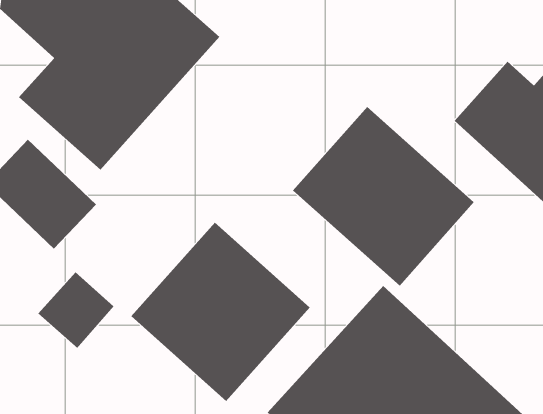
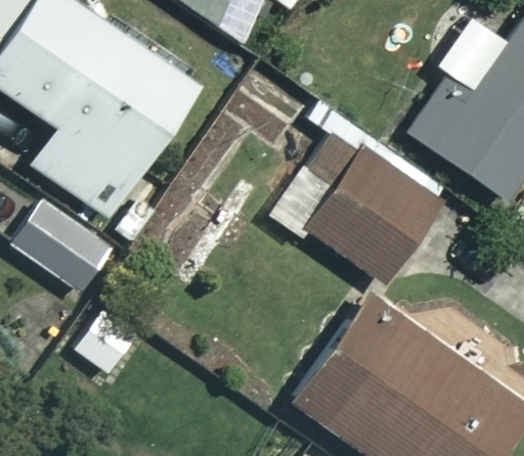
building: [131,222,310,402] -> none

